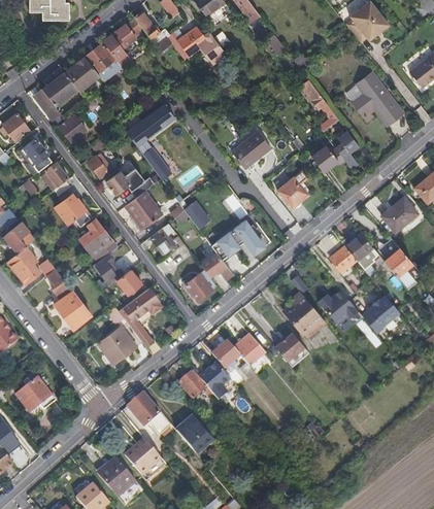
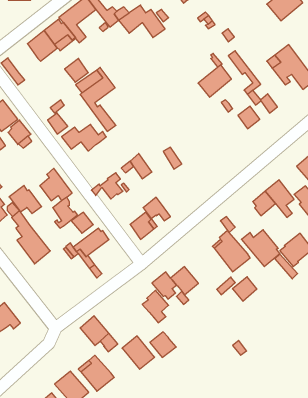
building: [41,71,76,106] -> none
building: [58,113,86,141] -> [65,58,88,82]
building: [231,130,270,168] -> [198,65,231,97]
building: [276,170,308,207] -> none
building: [124,190,162,229] -> none
building: [54,193,92,226] -> [9,185,42,214]
building: [210,219,264,260] -> none
building: [97,325,136,364] -> none
building: [274,331,303,360] -> [232,277,257,301]
building: [176,369,207,399] -> [150,332,176,357]

